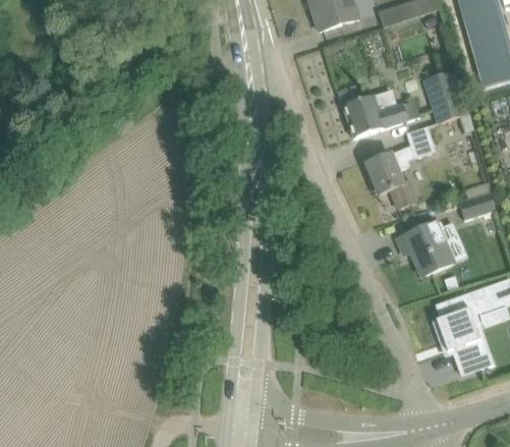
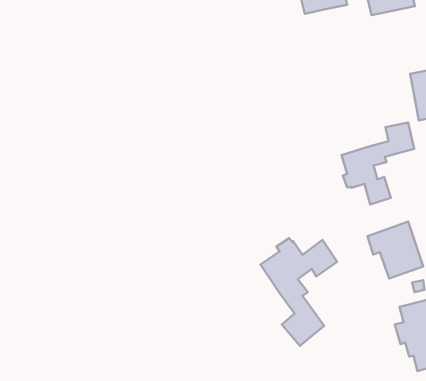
building: [338,86,419,137] -> none
building: none -> [261,238,337,346]

